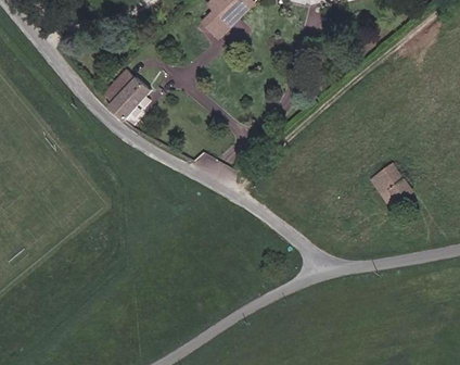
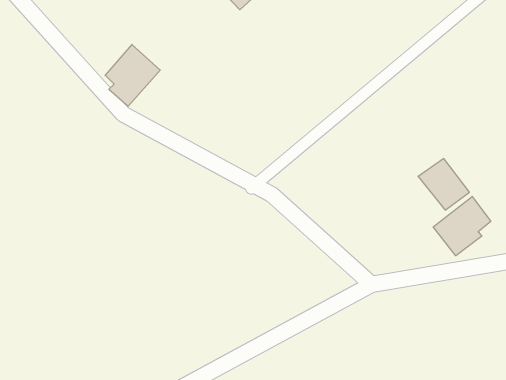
building: none -> [433,196,491,256]

